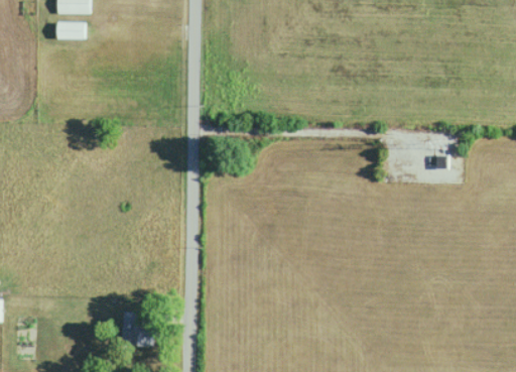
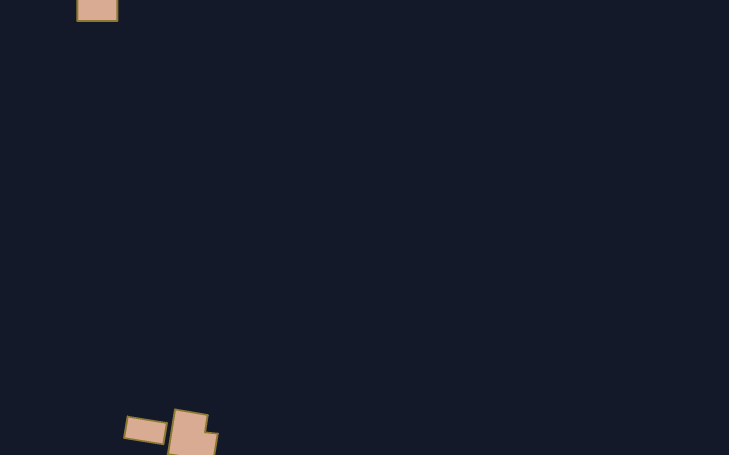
building: none -> [124,416,167,444]

